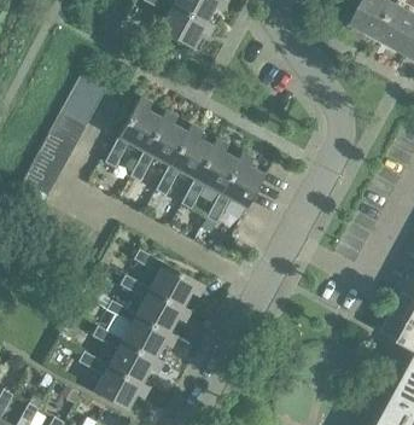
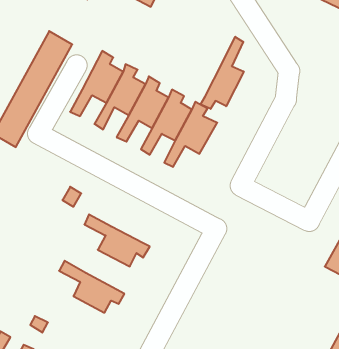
building: none -> [200,37,244,109]
building: [132,249,203,305] -> none
building: [104,299,175,356] -> none
building: [76,350,147,408] -> none

